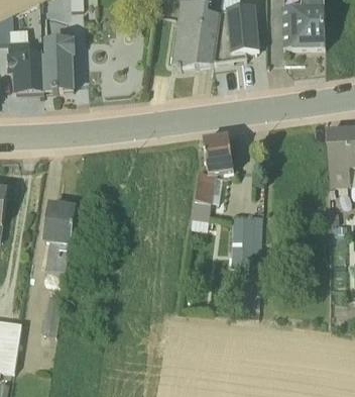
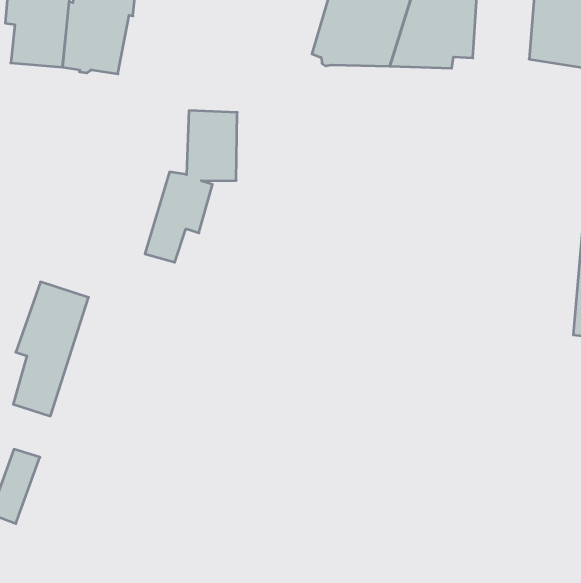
building: [192,135,233,218] -> [145,111,237,262]
building: [232,213,258,266] -> none

